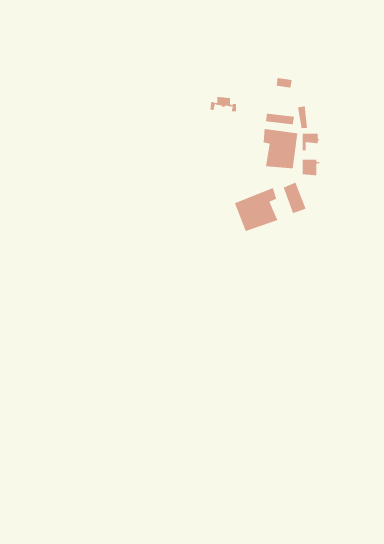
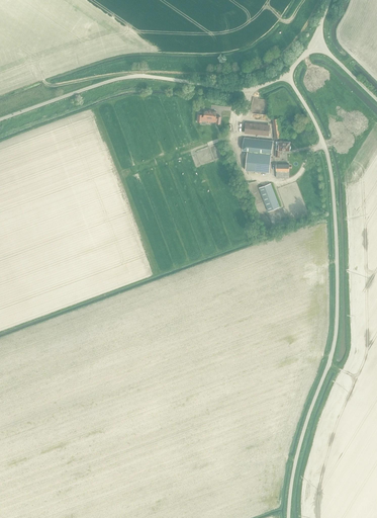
building: [234,187,278,232] -> none

